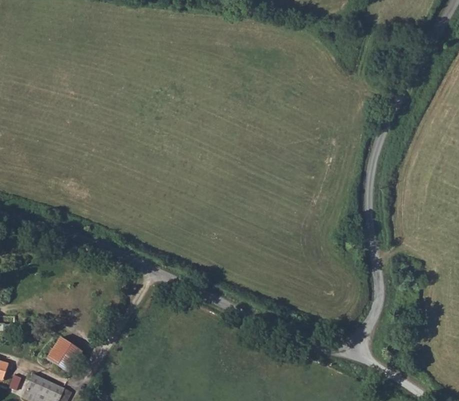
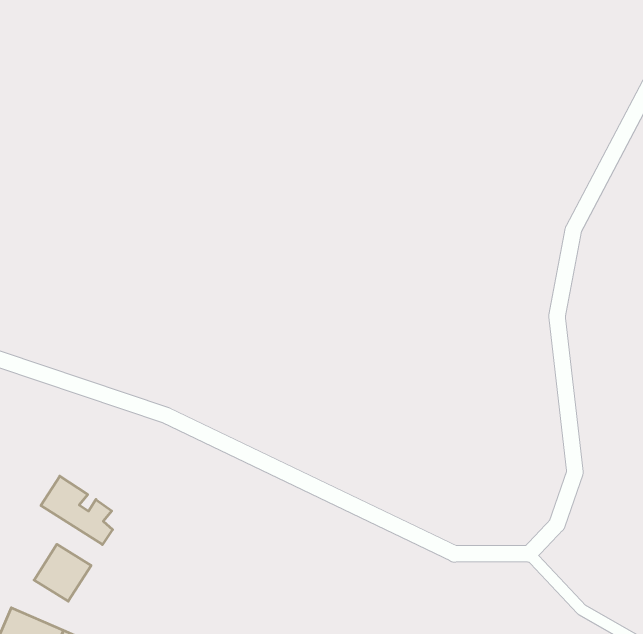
building: none -> [41,476,113,545]

